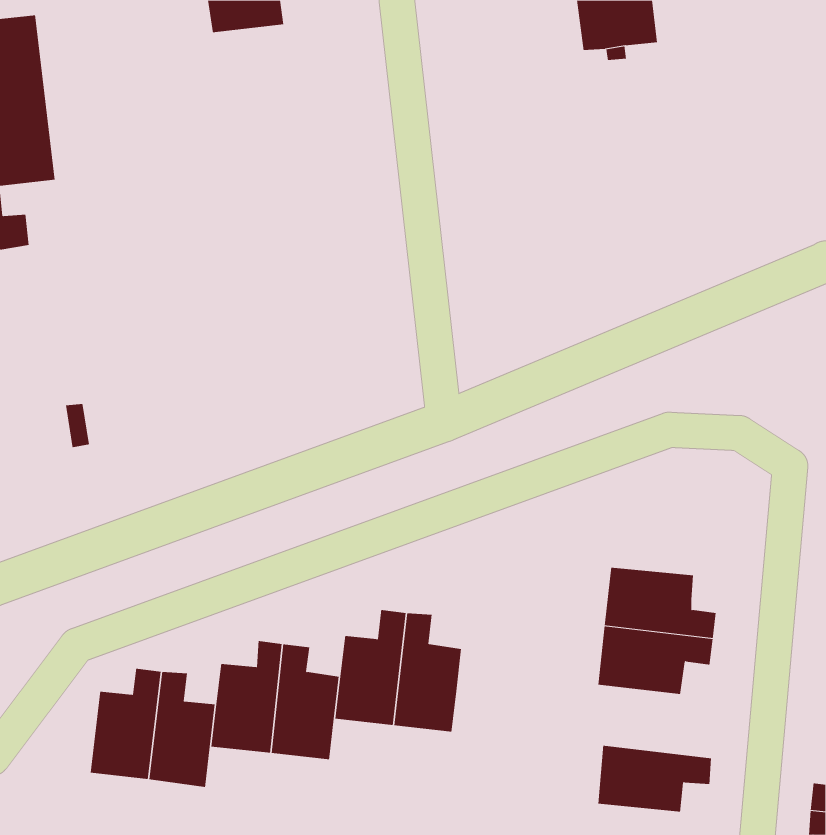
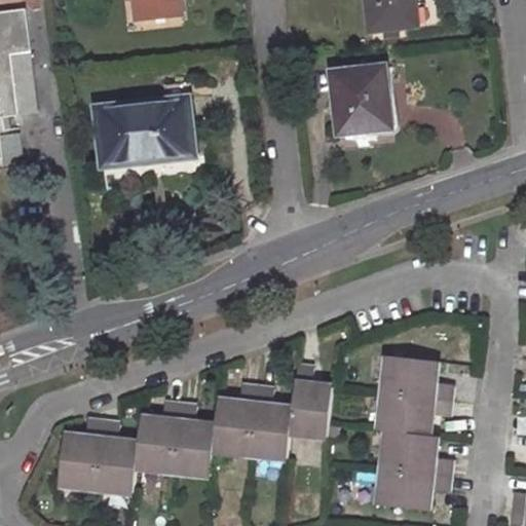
building: none -> [329,68,388,135]
building: none -> [93,99,192,167]
building: none -> [288,366,331,439]
building: none -> [379,431,450,477]

